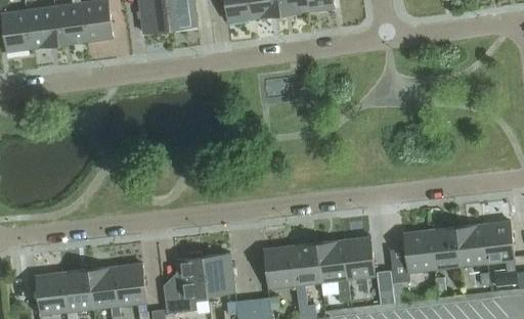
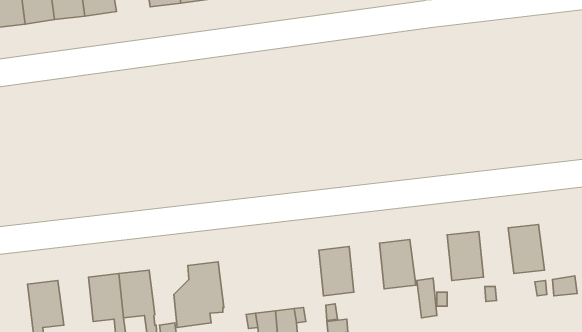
building: [483,221,515,264] -> none
building: [431,227,462,270] -> none
building: [317,240,350,303] -> none
building: [263,246,295,289] -> none
building: [203,254,234,297] -> none
building: [62,270,93,312] -> none

